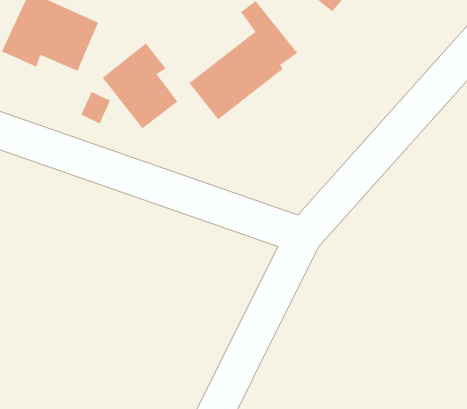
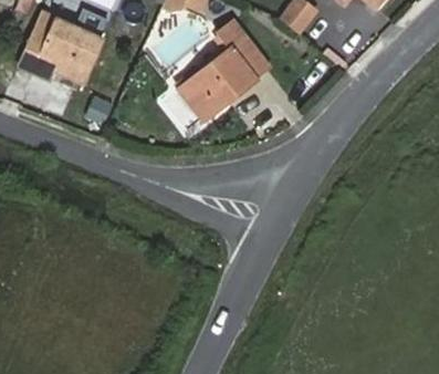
building: [102,43,178,129] -> none

